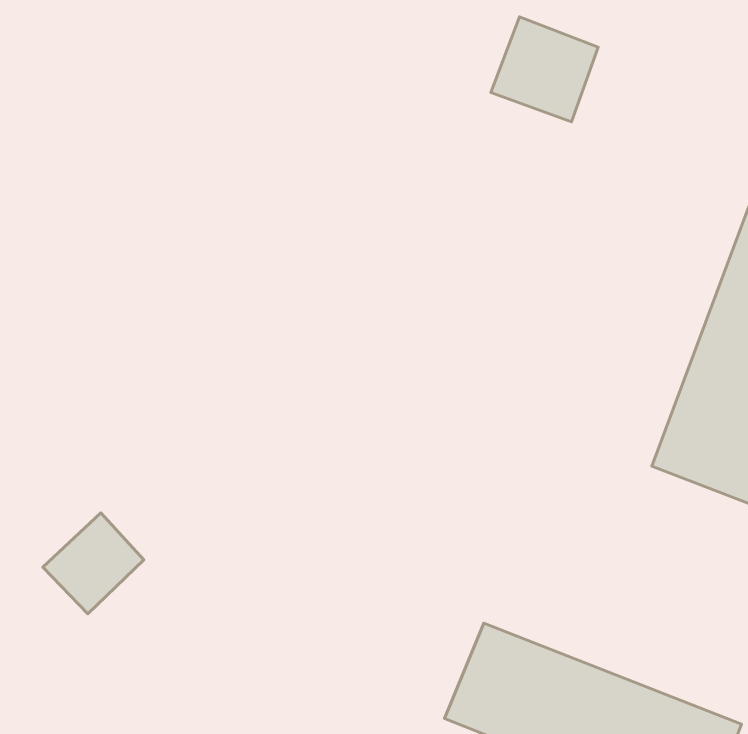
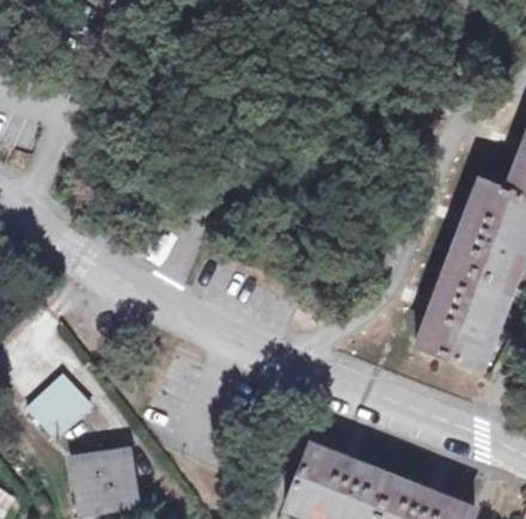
building: [491,17,598,122] -> none
building: none -> [74,450,135,506]

